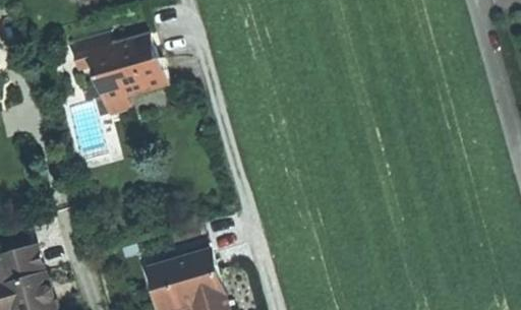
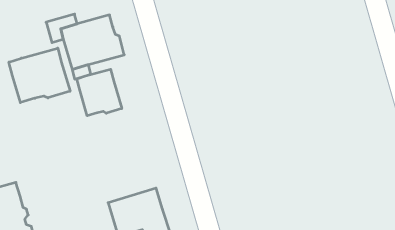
building: none -> [9,48,70,103]
building: none -> [77,69,122,116]

